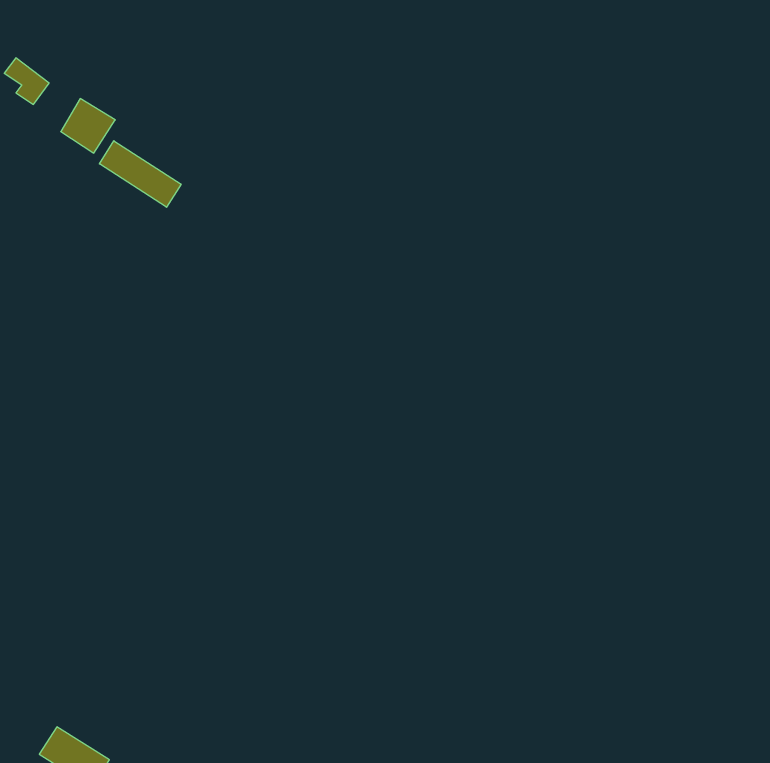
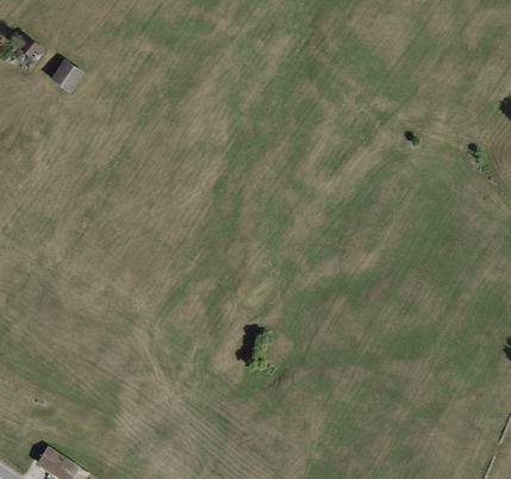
building: [99,141,181,207] -> none

